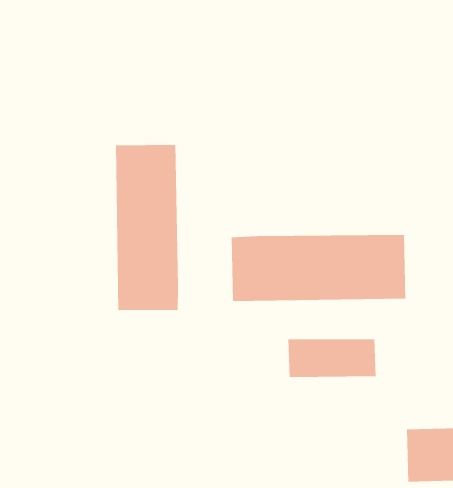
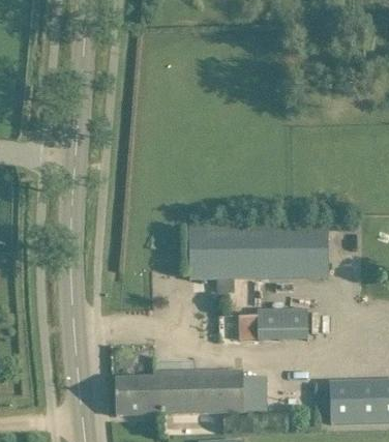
building: [115,144,179,311] -> none
building: none -> [116,371,268,415]

